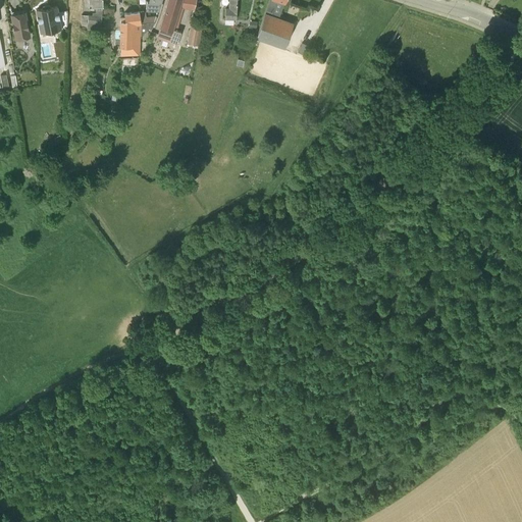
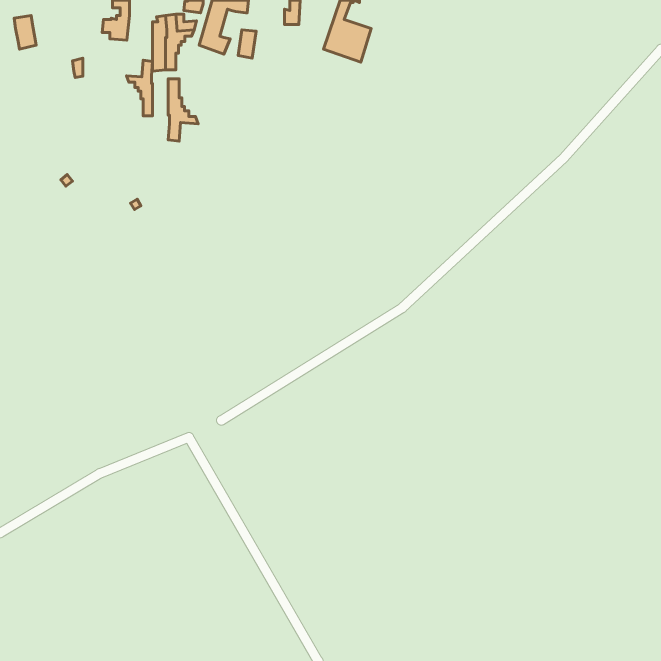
building: [36,6,67,34] -> none
building: none -> [126,60,153,116]
building: none -> [168,79,198,141]

